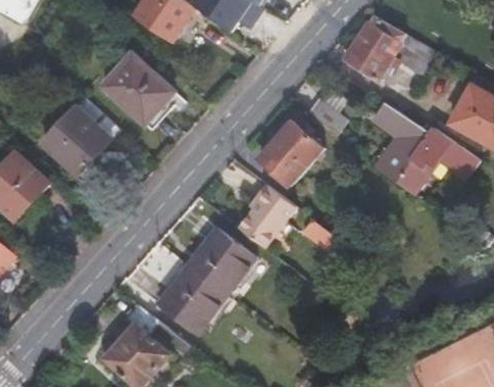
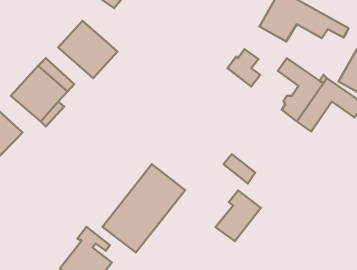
building: [258,118,323,182] -> none
building: [240,182,295,244] -> [216,190,261,241]

